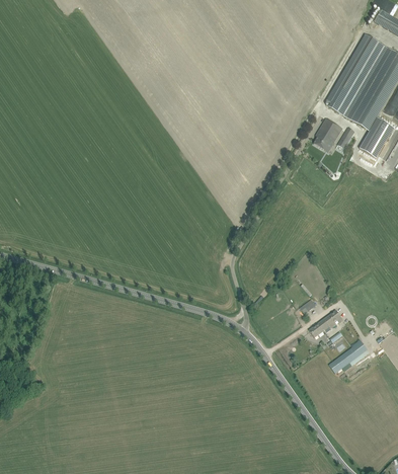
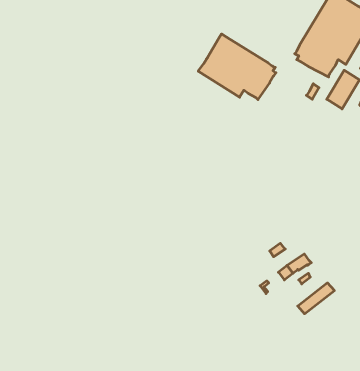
building: none -> [198,34,276,100]
building: [315,120,343,151] -> none

